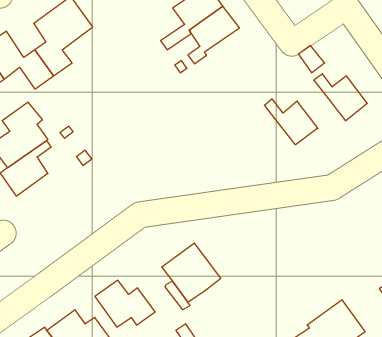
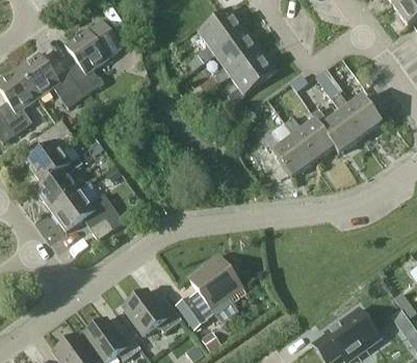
building: none -> [228,49,276,103]
building: none -> [312,107,362,153]
building: none -> [262,122,314,177]
building: none -> [49,187,124,239]
building: none -> [175,293,208,330]

